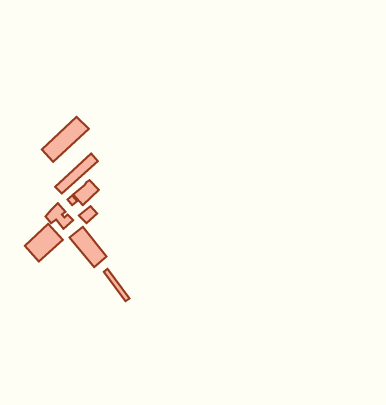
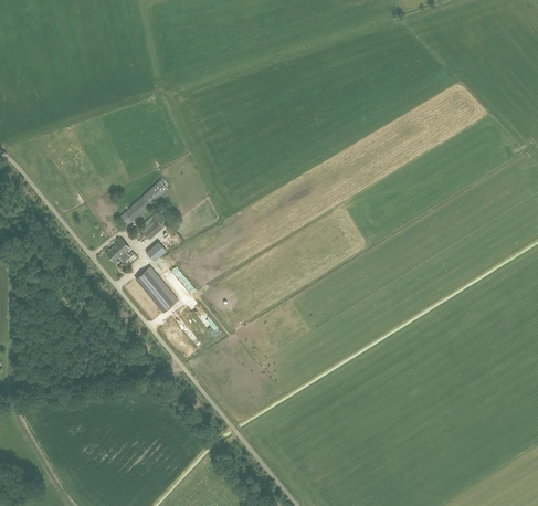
building: [42,117,89,162] -> none
building: [25,224,63,261] -> none

